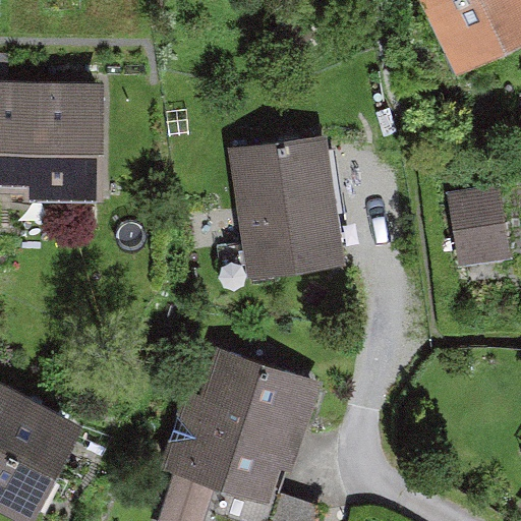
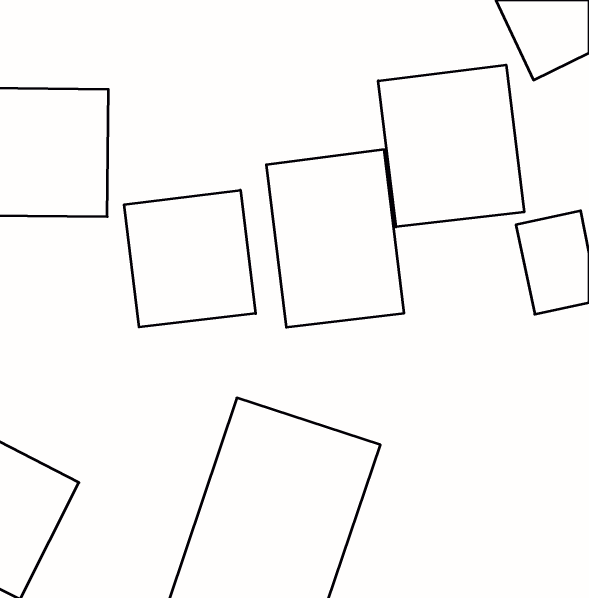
building: none -> [378,65,524,227]
building: none -> [124,190,256,327]

